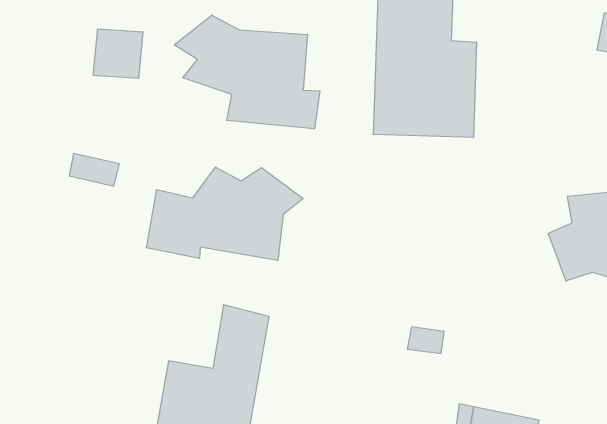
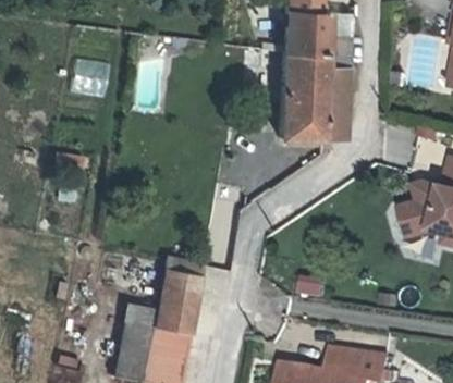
building: [174,15,320,129] -> none
building: [146,167,303,260] -> none

